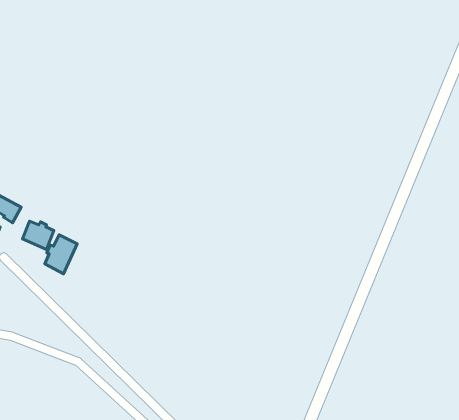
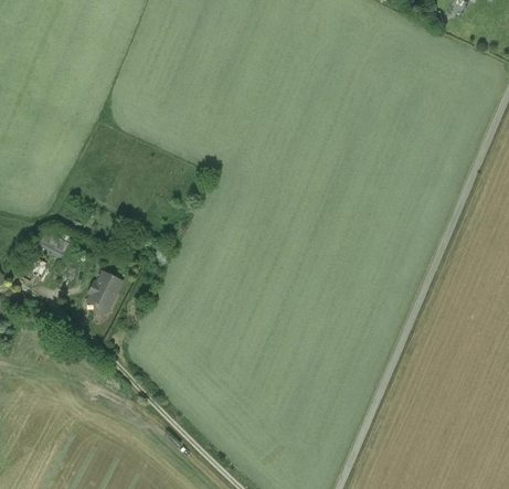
building: [22,221,54,250] -> none

